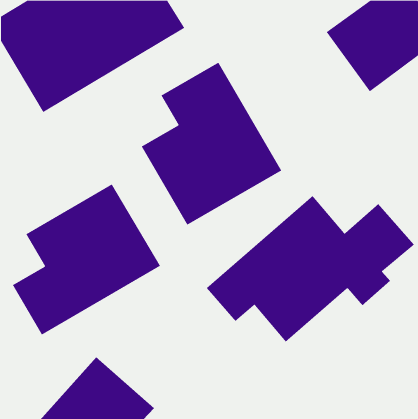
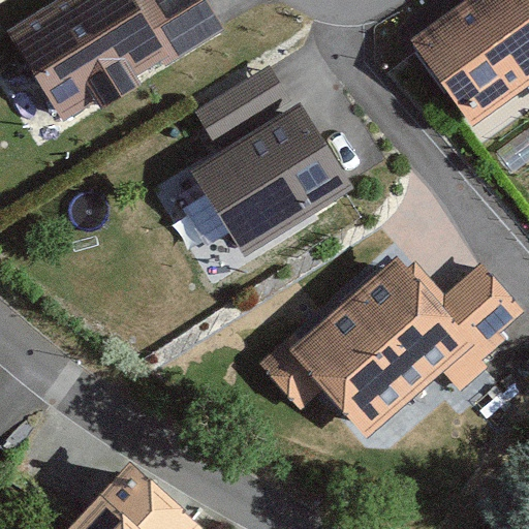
building: [12,184,161,335] -> none

